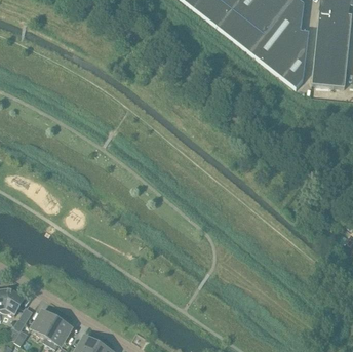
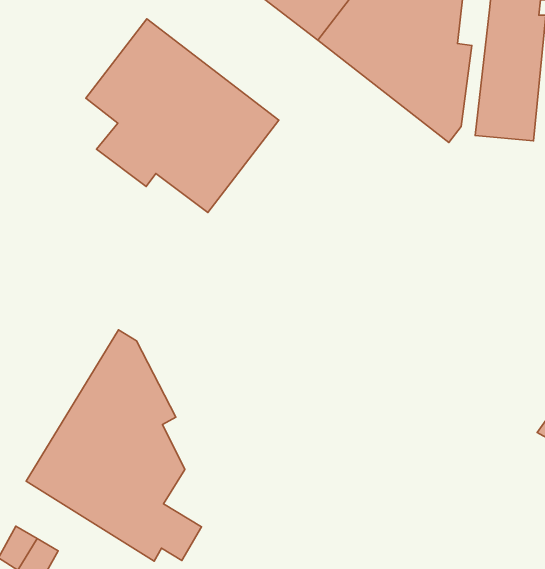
building: none -> [86,19,279,212]
building: none -> [26,330,202,561]

